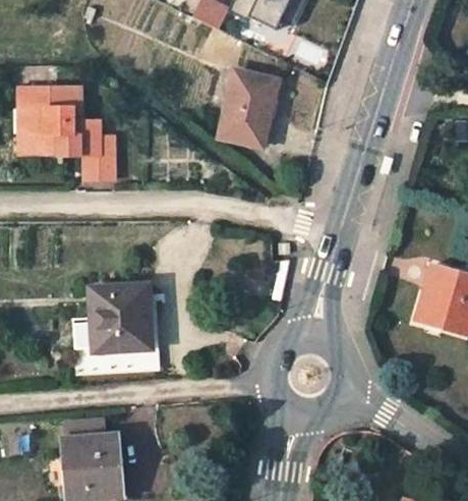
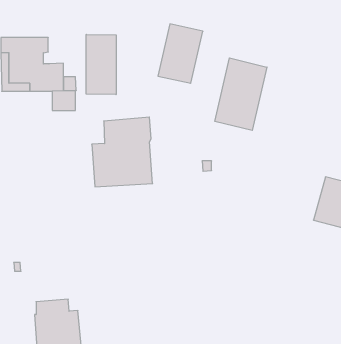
building: none -> [86,34,116,95]
building: none -> [215,58,267,130]
building: [75,284,153,373] -> [92,117,153,187]

